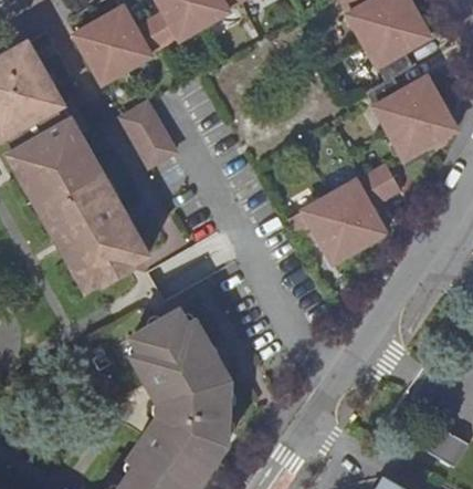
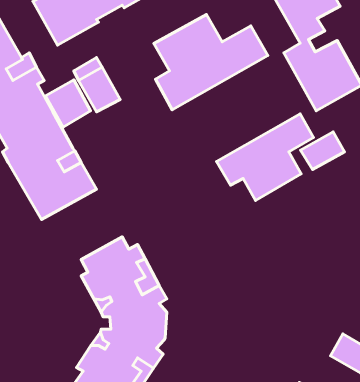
building: none -> [154,14,268,110]
building: none -> [46,80,91,127]
building: none -> [301,132,345,170]

